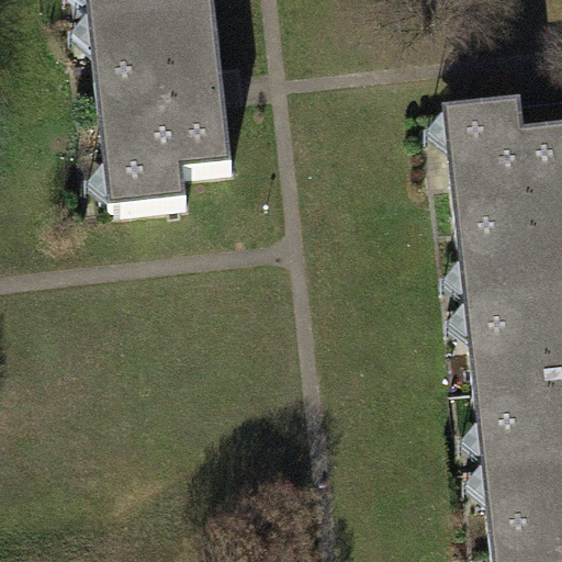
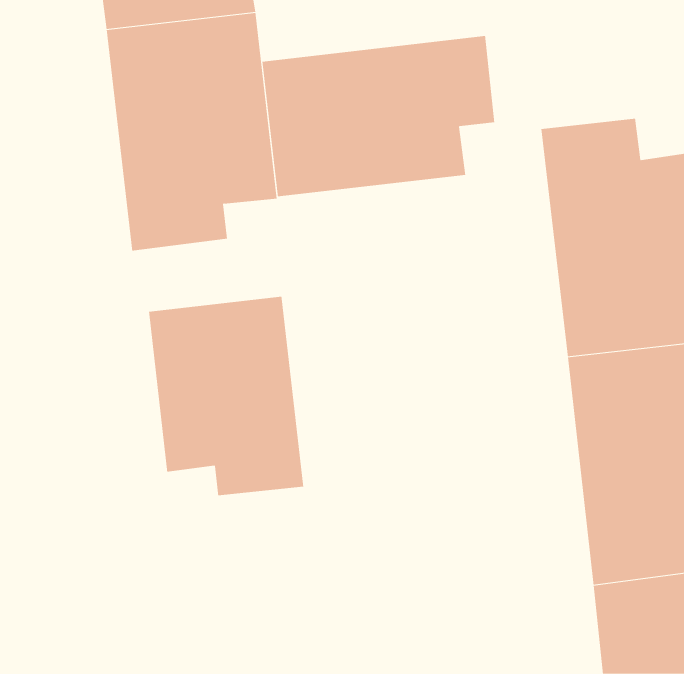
building: none -> [262,35,495,197]
building: none -> [148,296,304,496]

